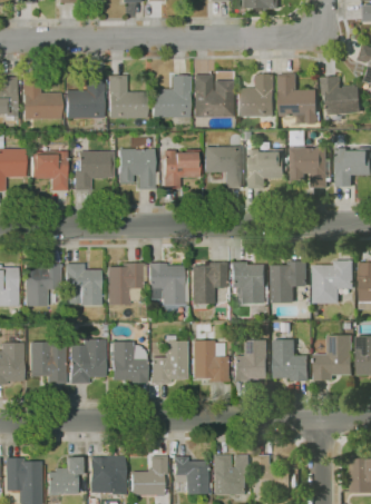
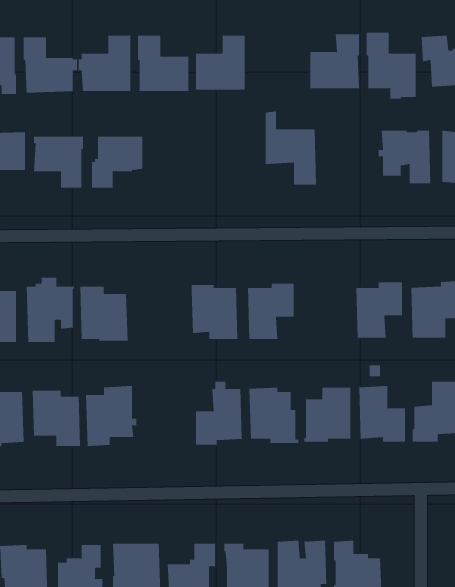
building: [194,73,233,117] -> none
building: [117,148,157,189] -> none
building: [248,148,287,188] -> none
building: [162,149,203,189] -> none
building: [231,261,266,304] -> none
building: [107,263,146,305] -> none
building: [111,340,147,383] -> none

